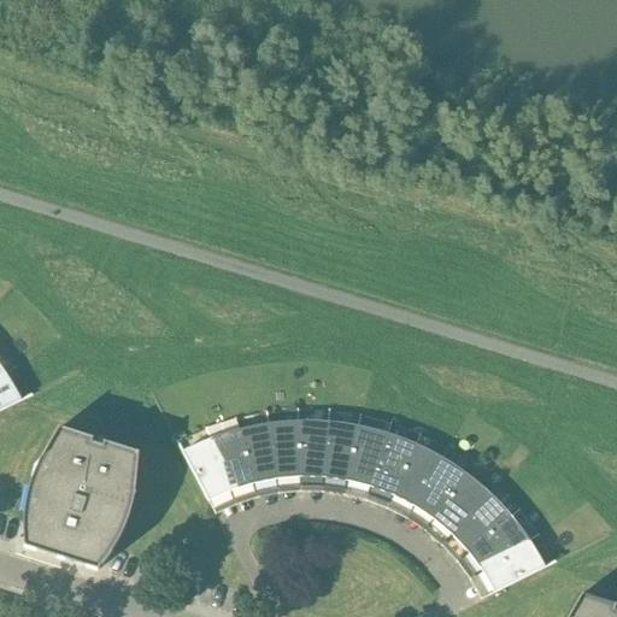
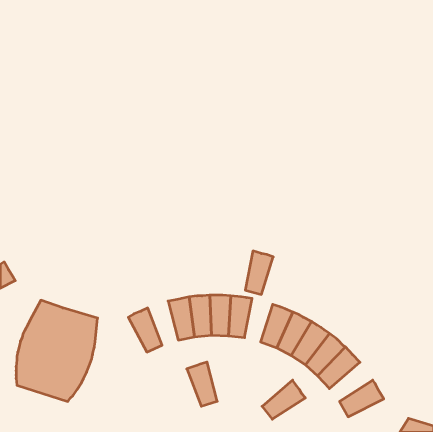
building: [348,423,388,484] -> [245,251,273,294]
building: [211,427,254,489] -> [187,362,217,406]
building: [469,513,530,569] -> [262,380,305,419]

